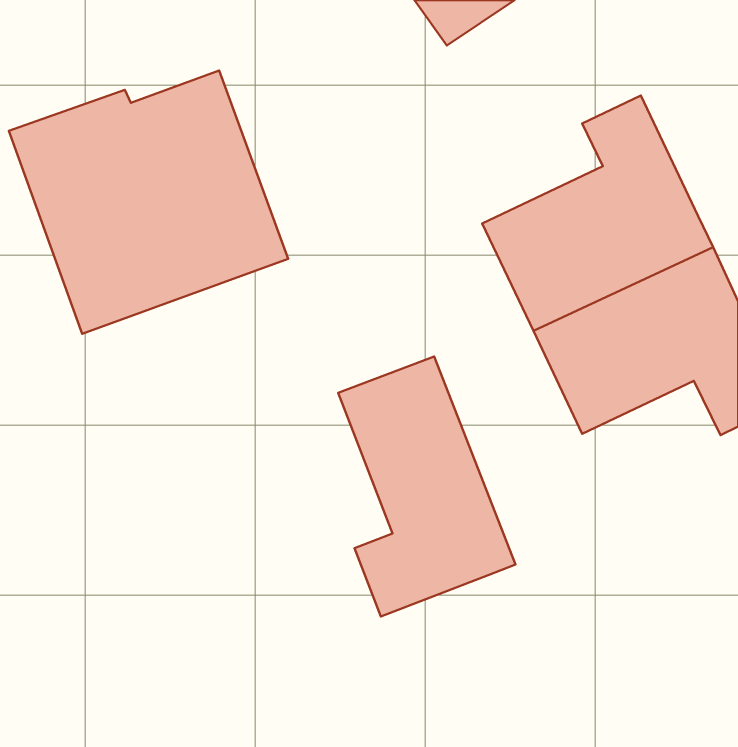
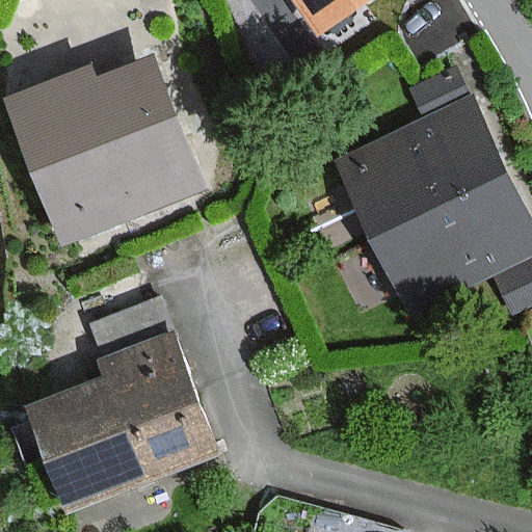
building: [338,356,516,617] -> none
building: none -> [32,335,217,507]

